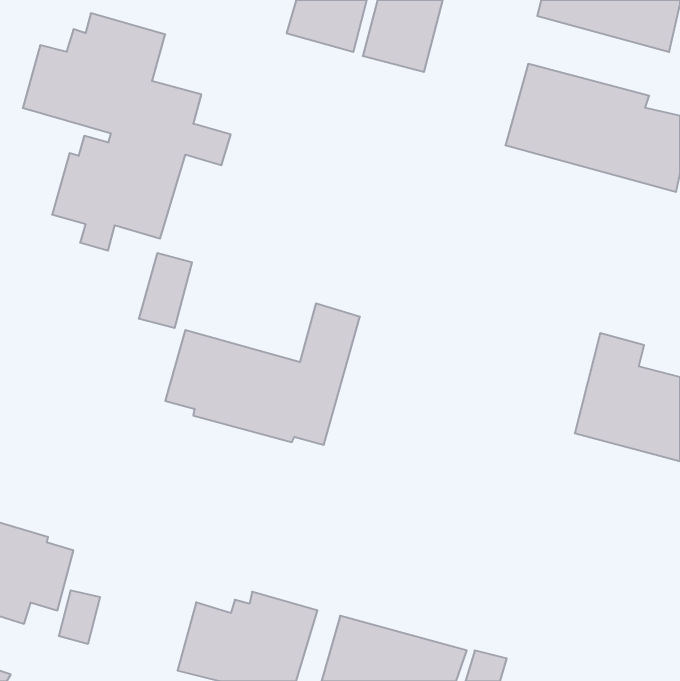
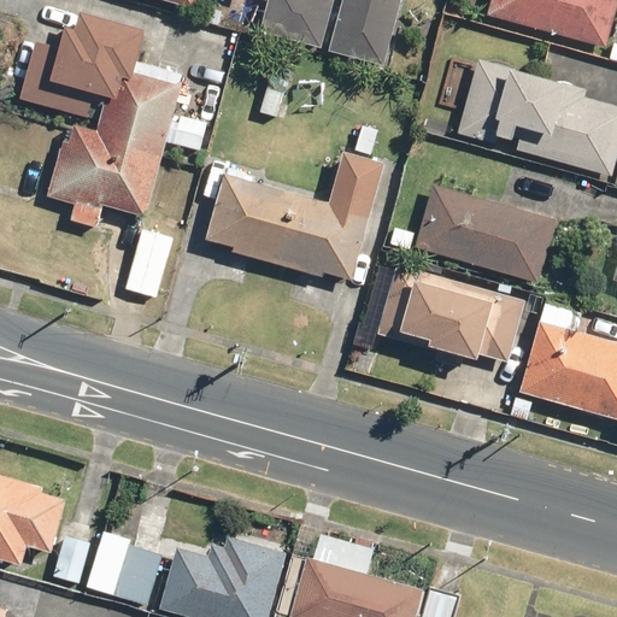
building: none -> [415,183,557,281]
building: none -> [376,263,525,362]
building: [165,303,360,445] -> [207,151,383,278]
building: none -> [87,529,163,603]

